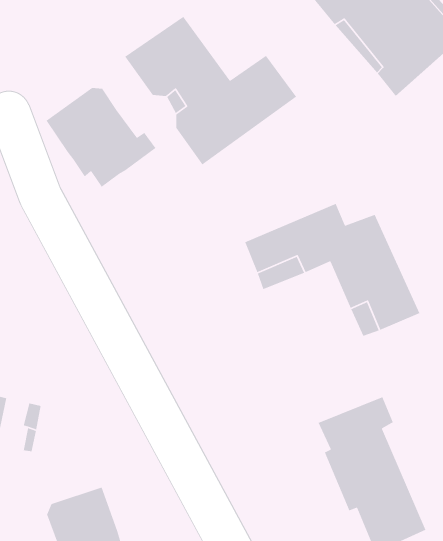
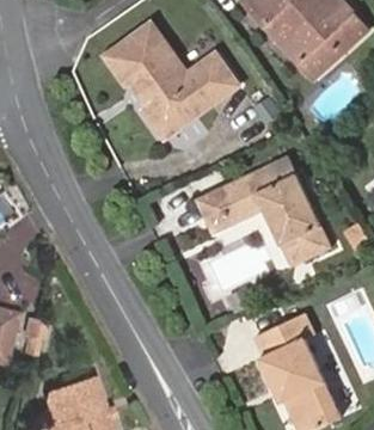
building: [45,87,156,188] -> none

